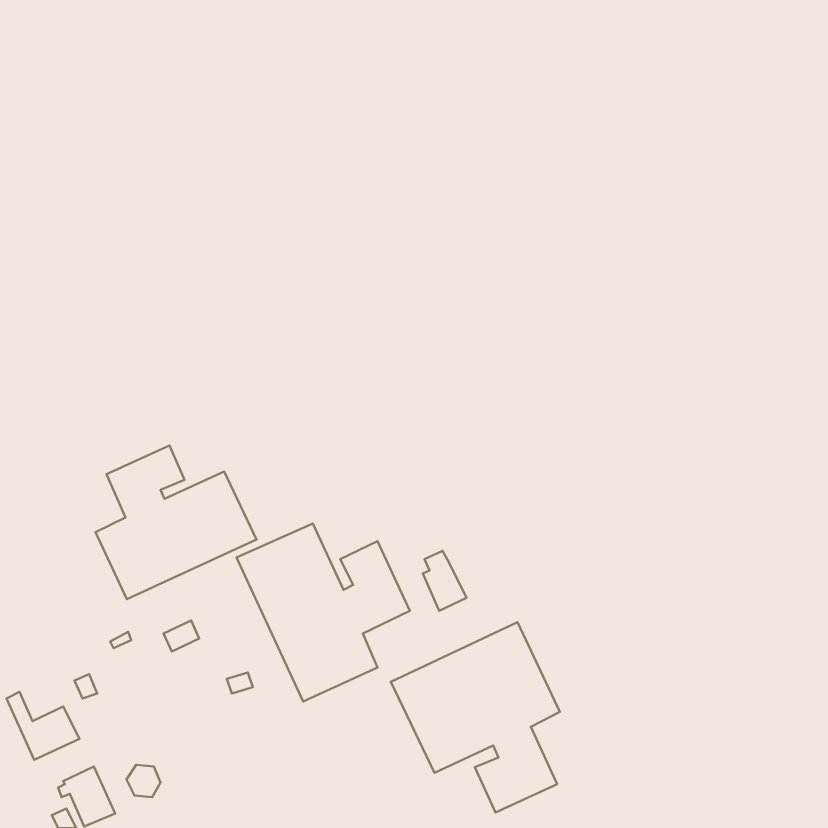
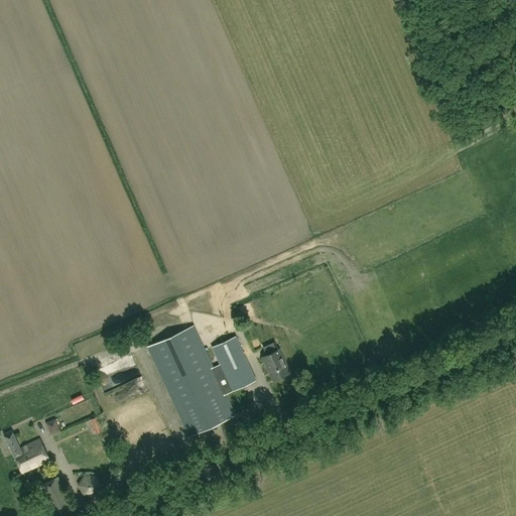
building: [96,446,257,599] -> none
building: [391,622,560,813] -> none

